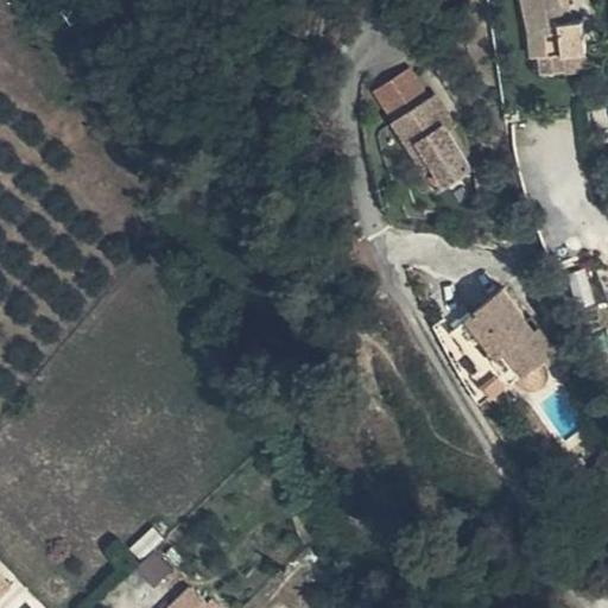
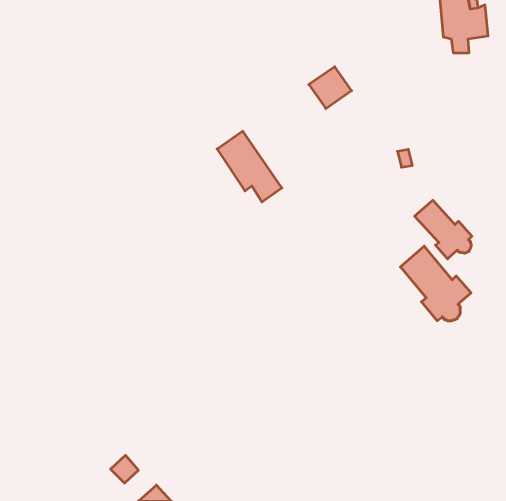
building: [388,108,466,192] -> [217,131,282,202]
building: none -> [415,200,472,259]

